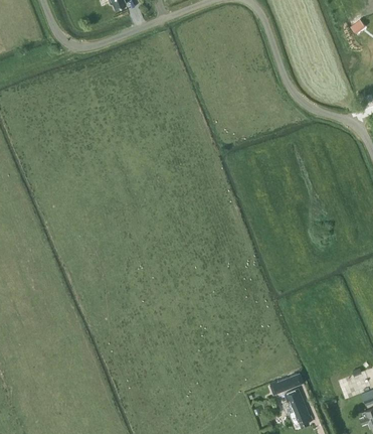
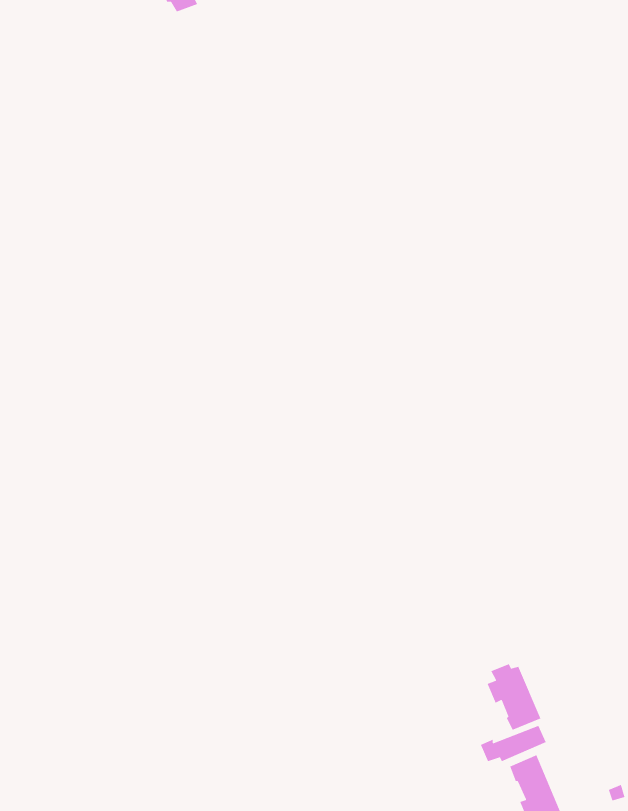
building: none -> [486,663,541,731]

